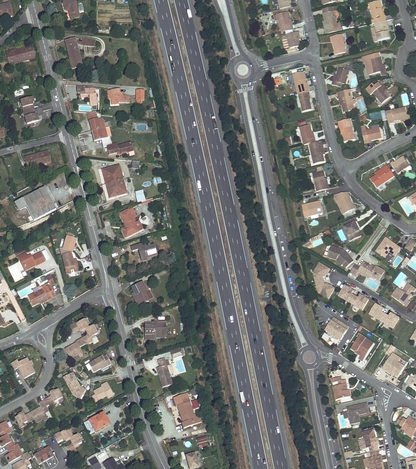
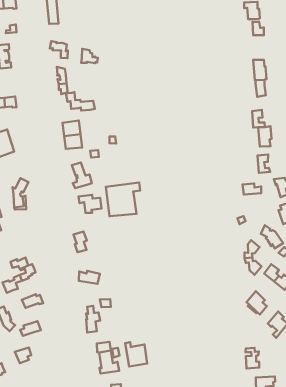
building: none -> [106,183,140,216]
building: none -> [125,342,147,367]

